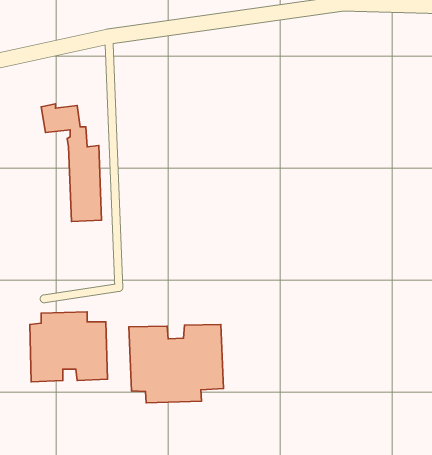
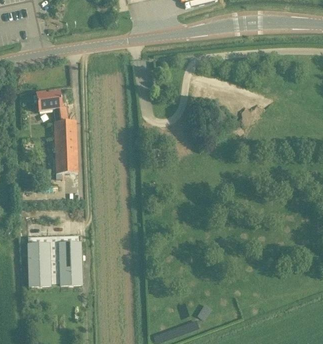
building: [129,325,223,403] -> none

